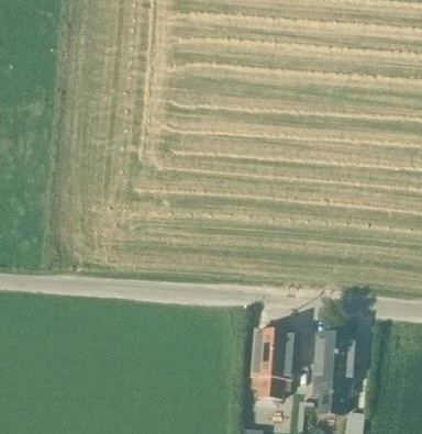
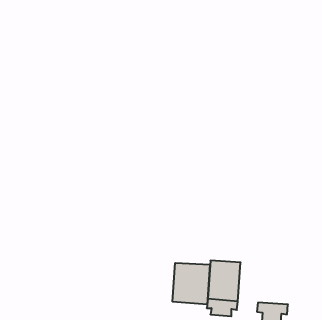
building: none -> [173,263,210,305]
building: [314,334,354,382] -> none

